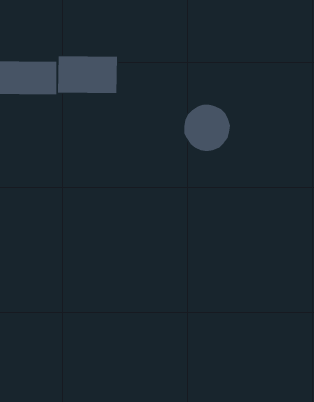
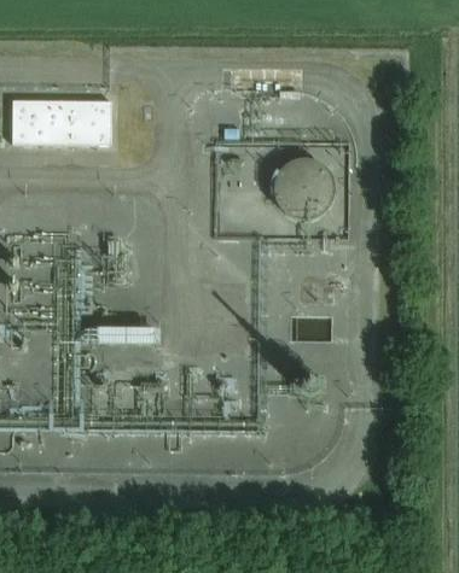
building: [57,56,118,94] -> none

